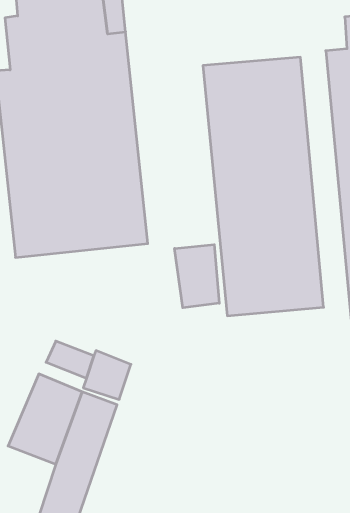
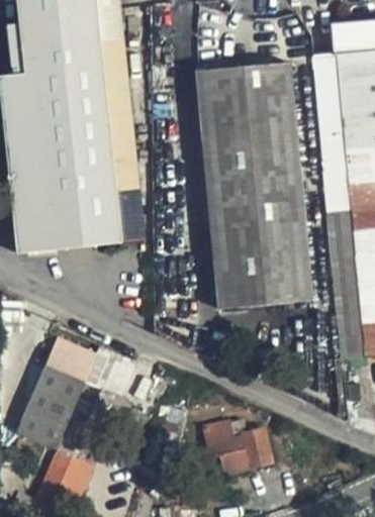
building: [175,245,219,308] -> none
building: none -> [204,421,275,468]

